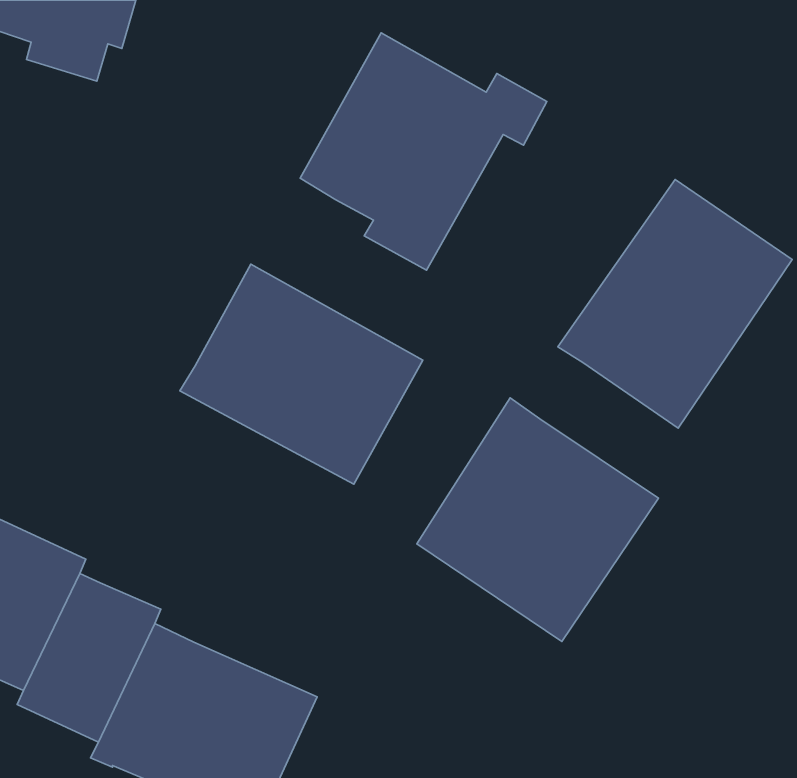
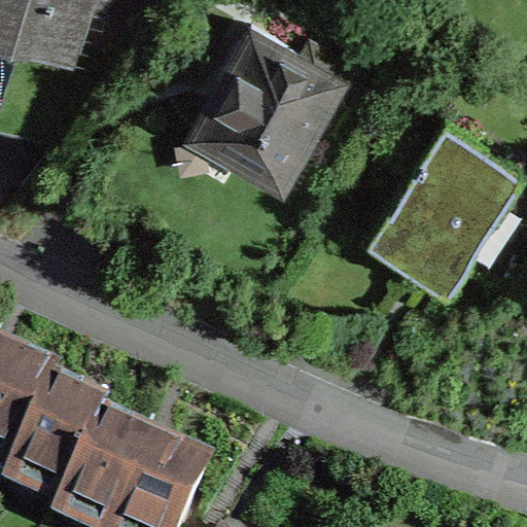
building: [180,264,423,484] -> none
building: [417,398,659,641] -> none

